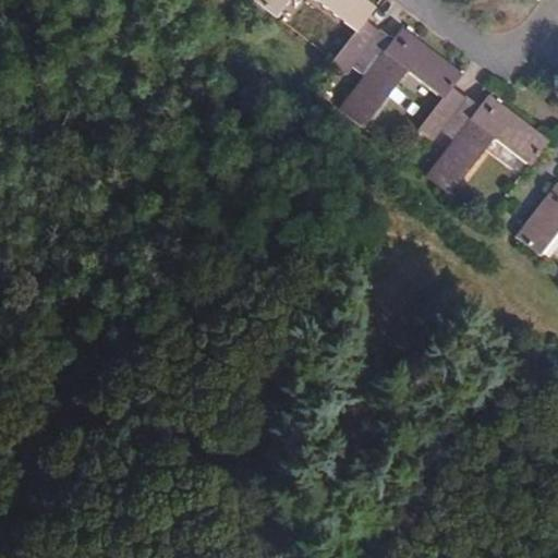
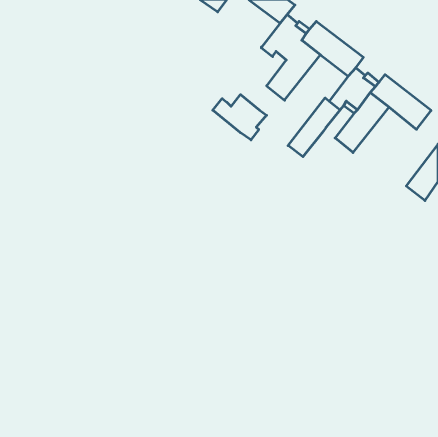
building: none -> [213,95,267,140]
building: none -> [288,98,340,157]

